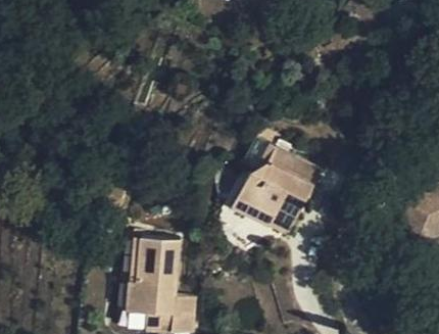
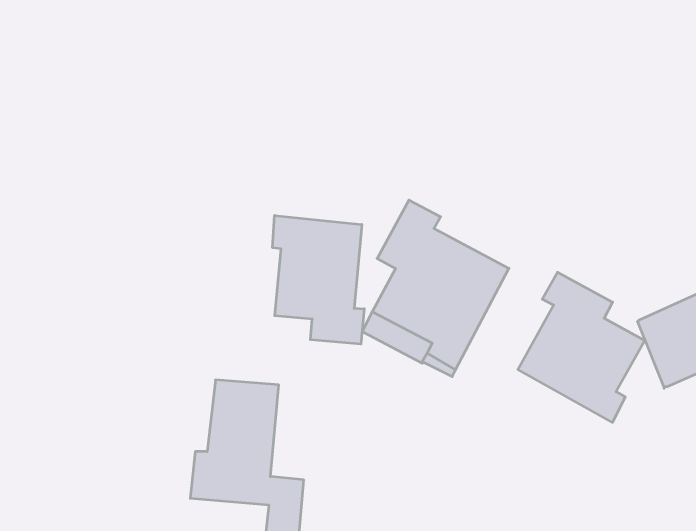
building: none -> [273,215,364,344]
building: none -> [518,272,645,422]

